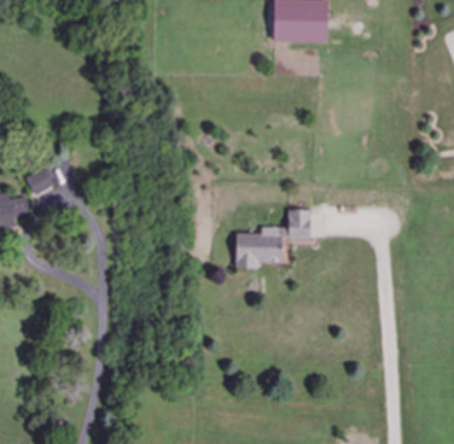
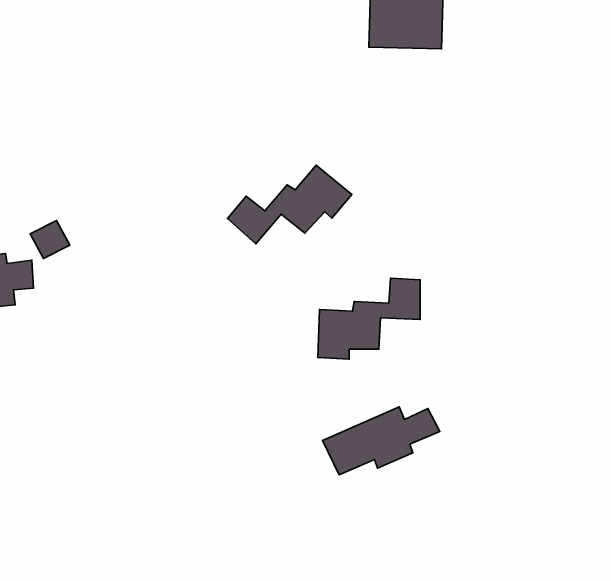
building: none -> [227,165,352,244]
building: none -> [323,407,440,475]

